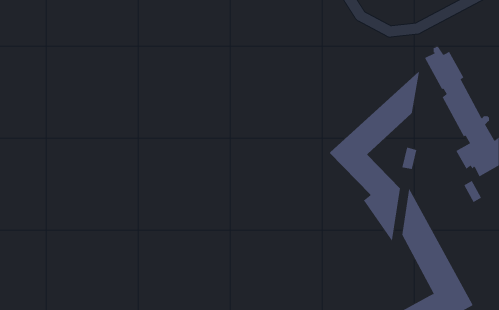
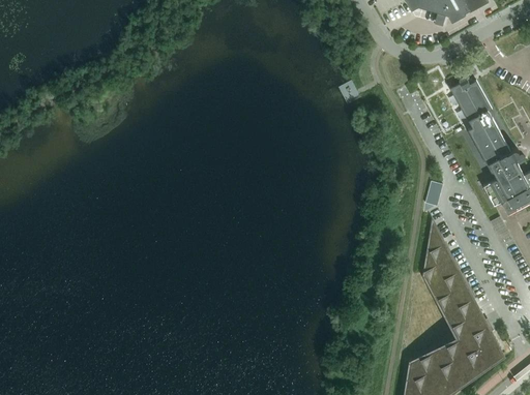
building: [329,71,419,242] -> none

